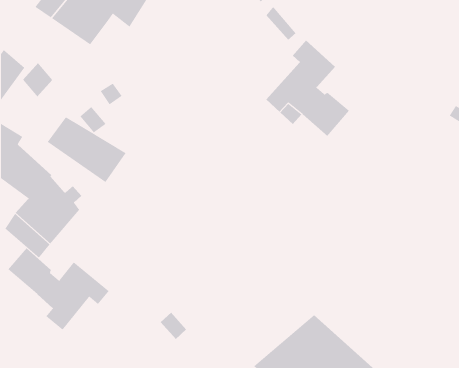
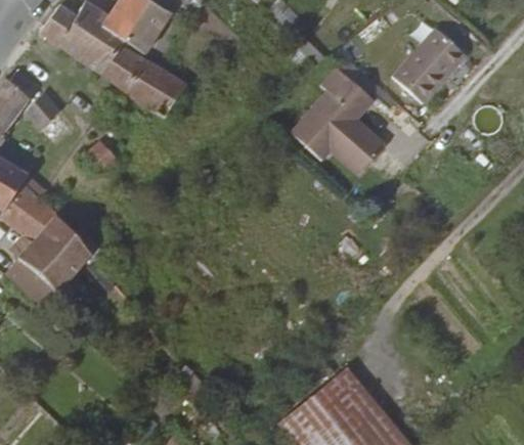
building: none -> [393,30,464,102]
building: [47,117,126,183] -> [100,46,187,119]
building: [7,248,109,330] -> none

